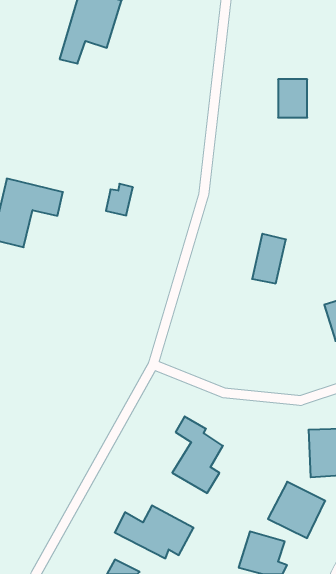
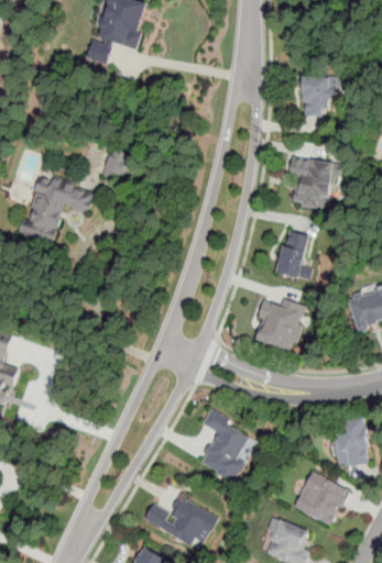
building: none -> [288,154,337,209]
building: [106,184,133,215] -> [102,148,129,179]
building: none -> [255,297,304,347]

